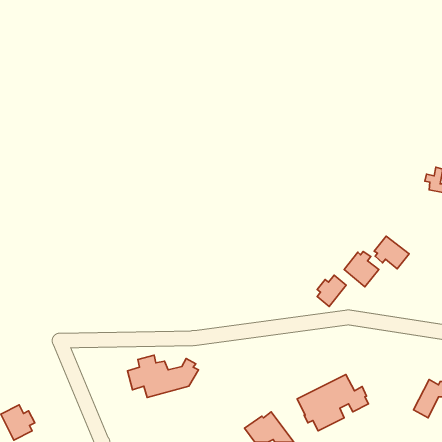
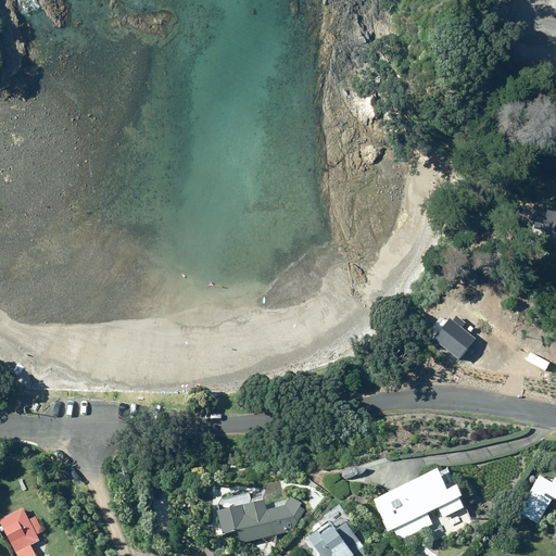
building: [374,236,409,269] -> none
building: [317,275,346,306] -> none
building: [127,355,198,398] -> [216,491,305,544]

